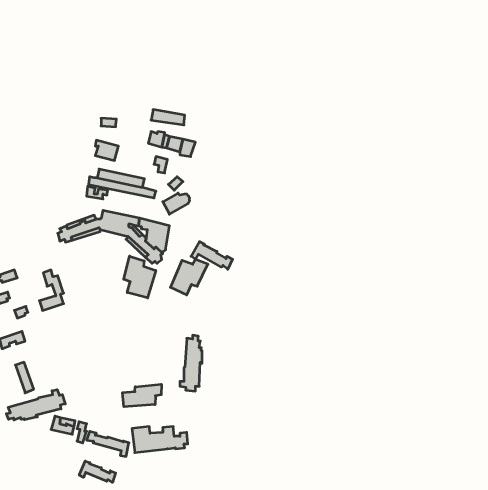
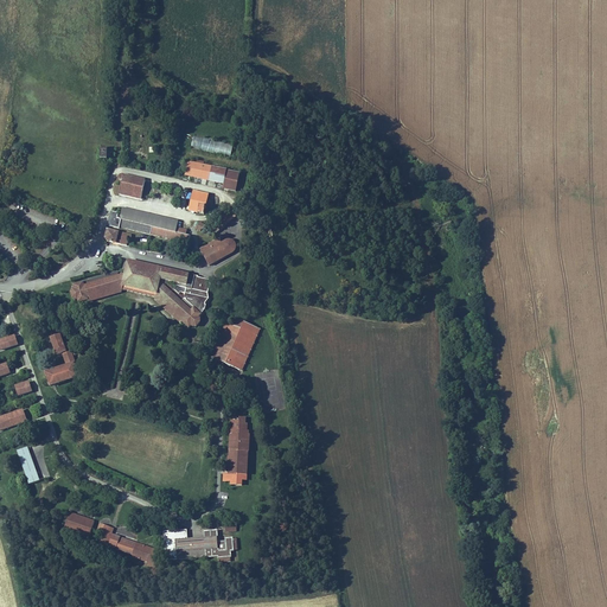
building: [191,242,233,269] -> none
building: [124,256,156,298] -> none
building: [123,384,161,407] -> none
building: [6,390,65,420] -> none
building: [79,461,116,482] -> none

